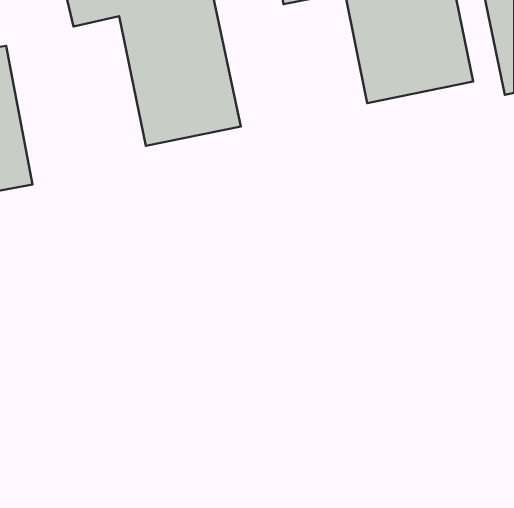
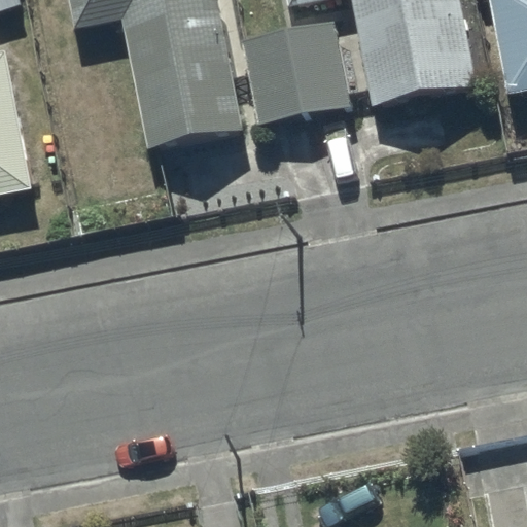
building: none -> [239,19,350,122]

